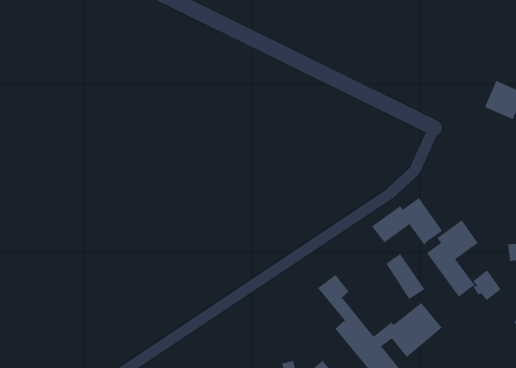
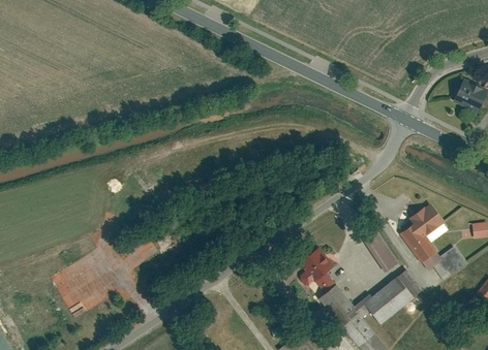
building: [371,197,443,246] -> none

